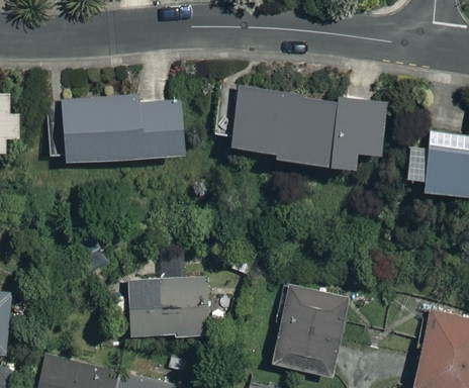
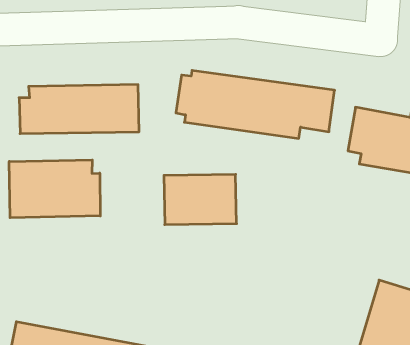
building: none -> [9,160,100,218]
building: [128,280,206,333] -> [164,174,237,225]
building: [271,281,347,374] -> none

